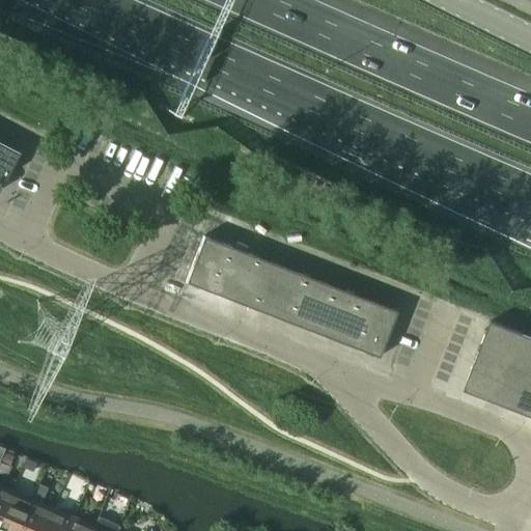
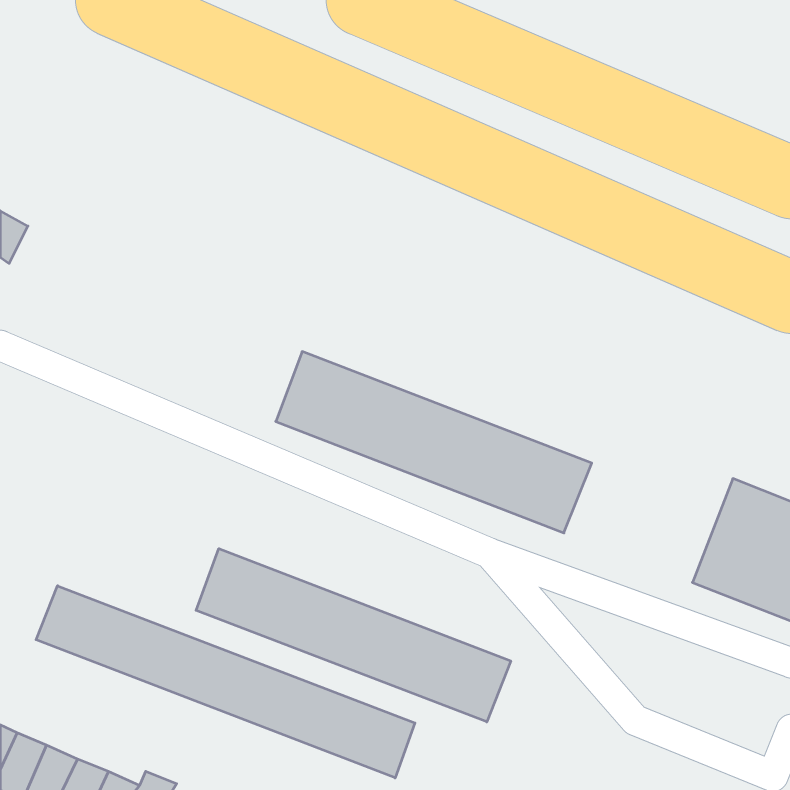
building: none -> [196,549,511,722]
building: none -> [36,586,415,778]

